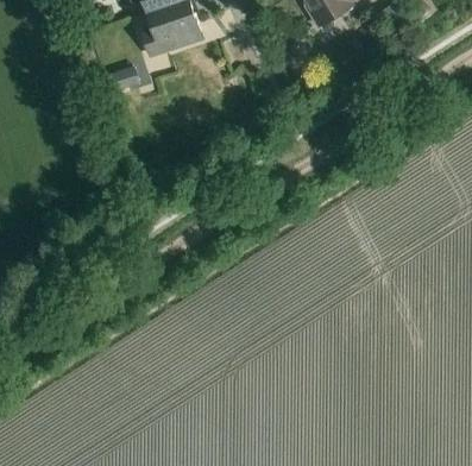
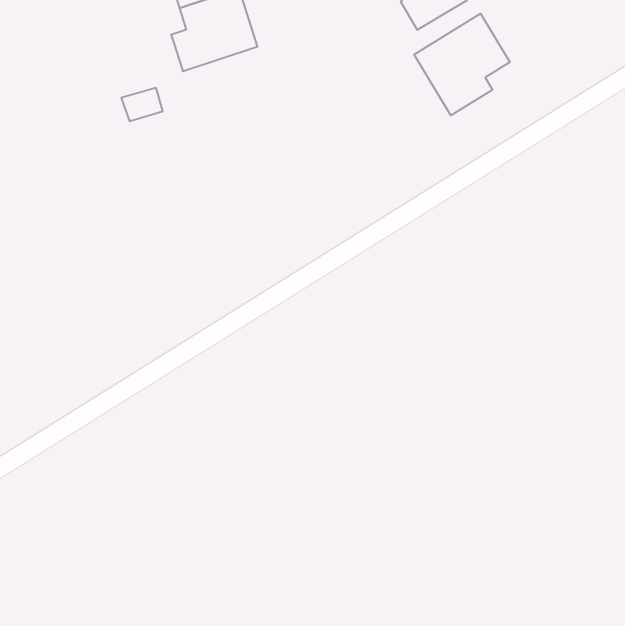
building: none -> [414,14,510,115]

